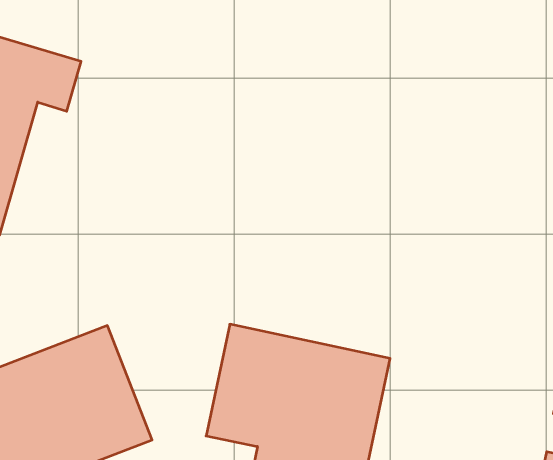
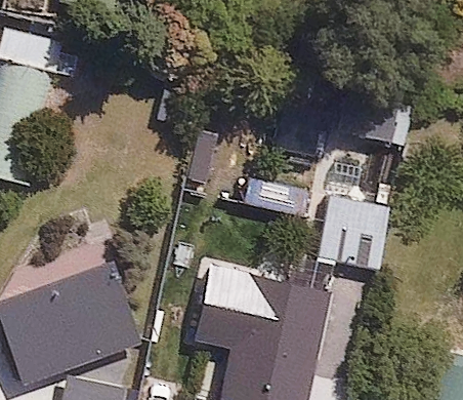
building: none -> [308,193,391,273]

